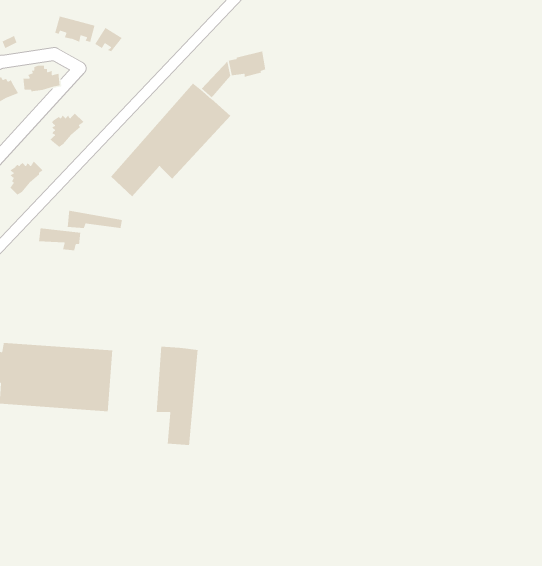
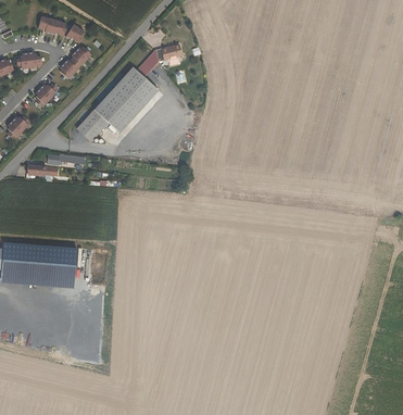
building: none -> [60,47,91,79]
building: [156,346,199,446] -> none

